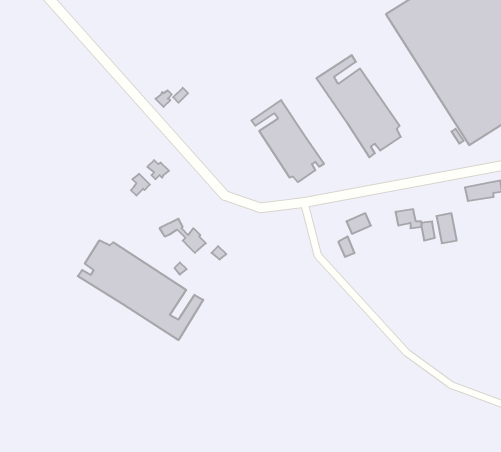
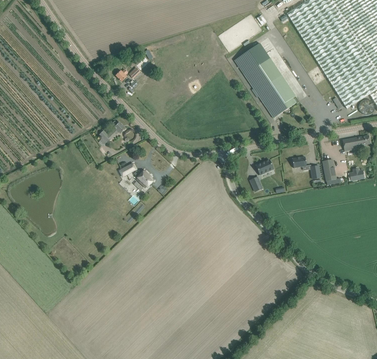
building: [251,100,324,182] -> none
building: [78,240,203,340] -> none

